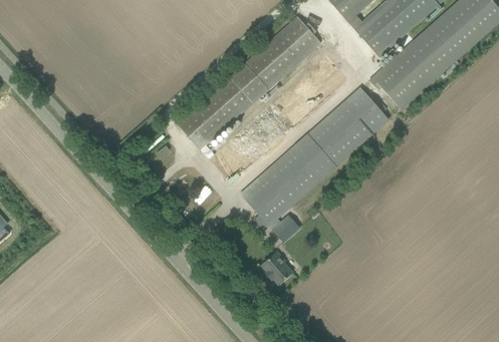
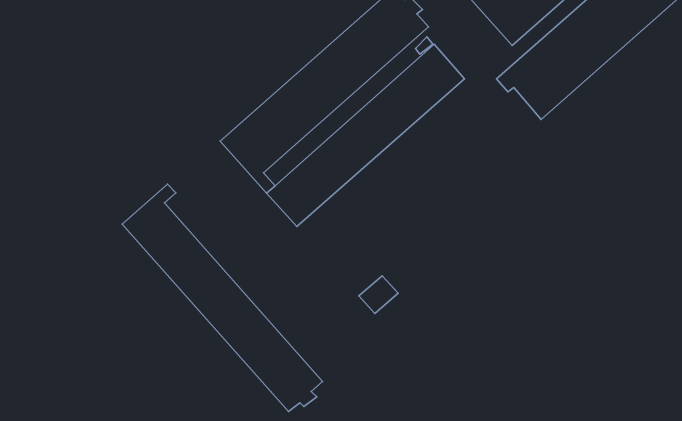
building: [240,86,390,231] -> none
building: none -> [122,184,323,411]
building: [262,253,292,284] -> none

